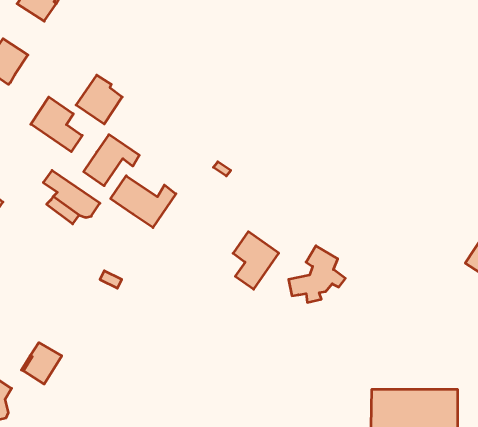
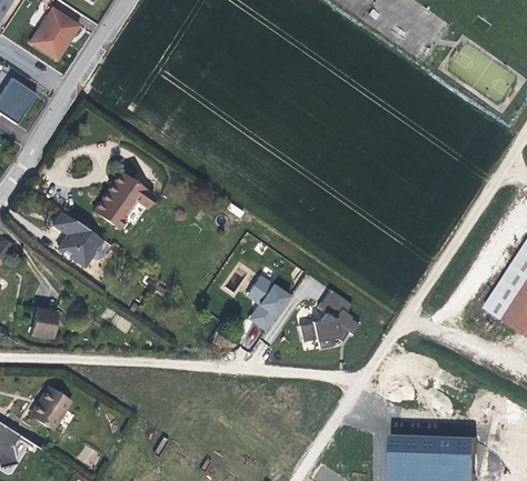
building: [76,75,122,124] -> none
building: [31,97,82,152] -> none
building: [111,176,176,228] -> none
building: none -> [33,307,59,335]

